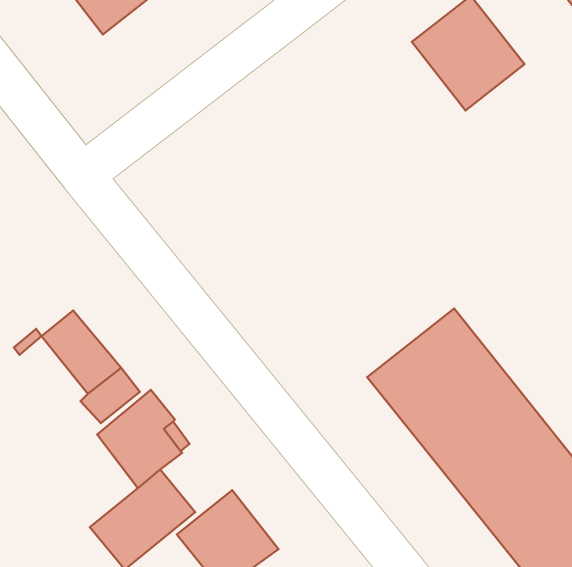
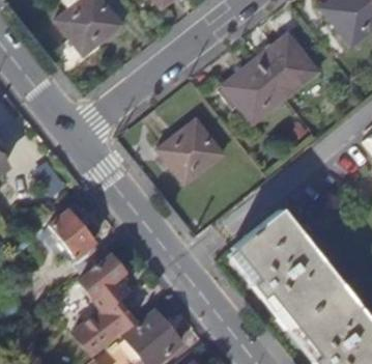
building: none -> [222,58,286,122]
building: none -> [156,120,222,186]

